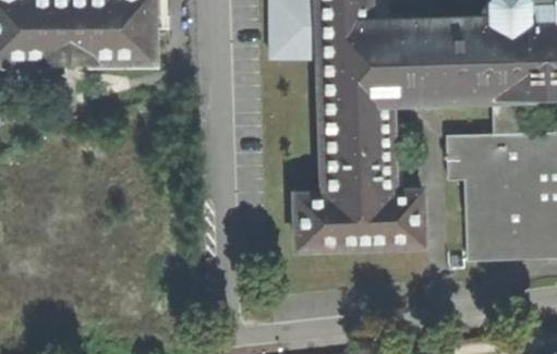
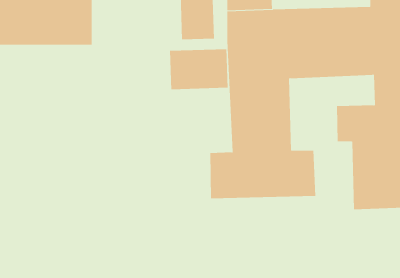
building: none -> [169,48,228,90]

